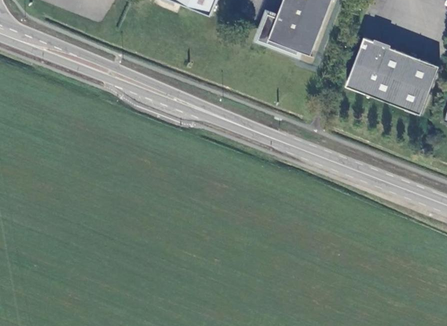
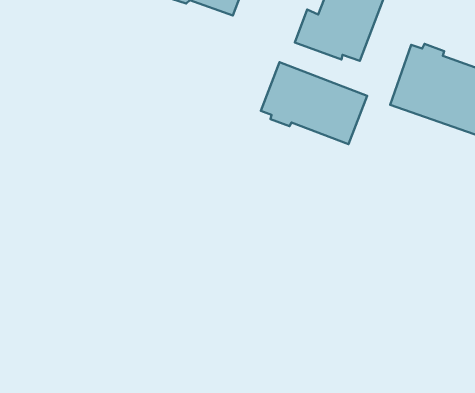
building: none -> [261,62,367,144]

